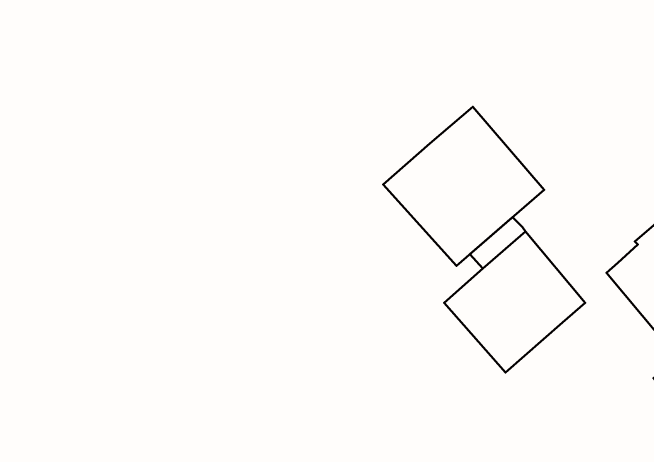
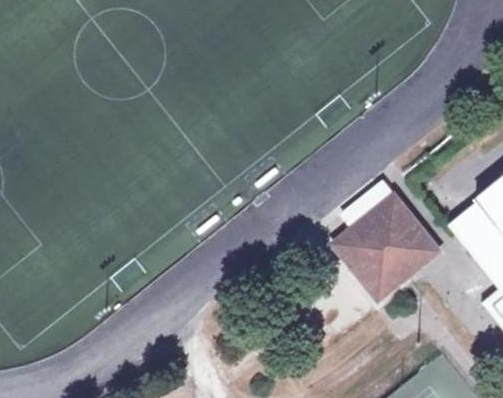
building: [383,107,544,266] -> none

